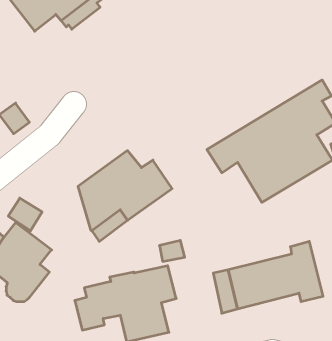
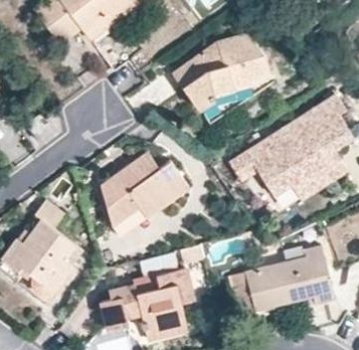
building: none -> [172,33,273,123]

